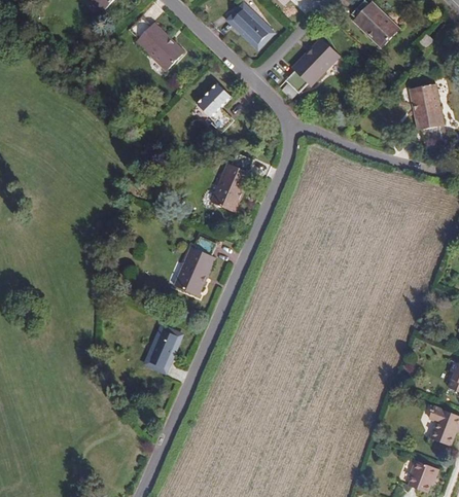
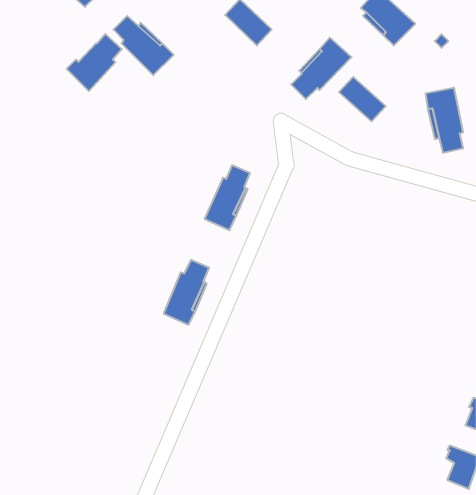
building: none -> [67,34,122,91]
building: none -> [339,77,386,121]
building: [196,84,231,133] -> none
building: [144,328,178,371] -> none

